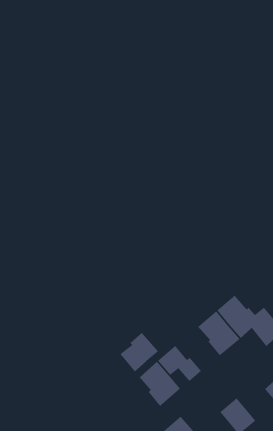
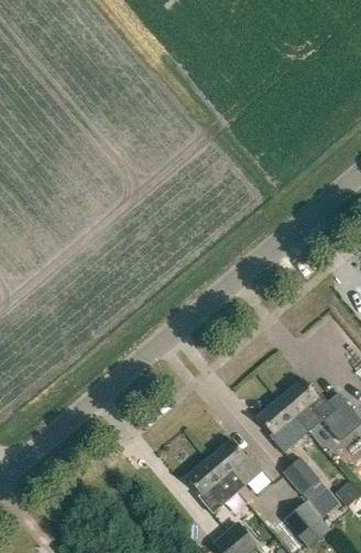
building: [119,332,159,372] -> none
building: none -> [284,456,326,501]

